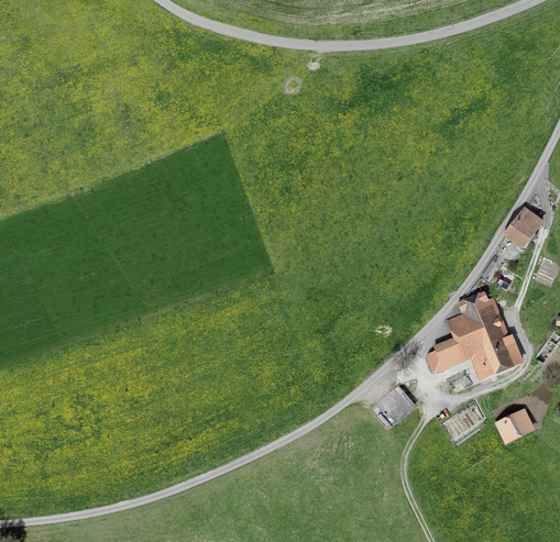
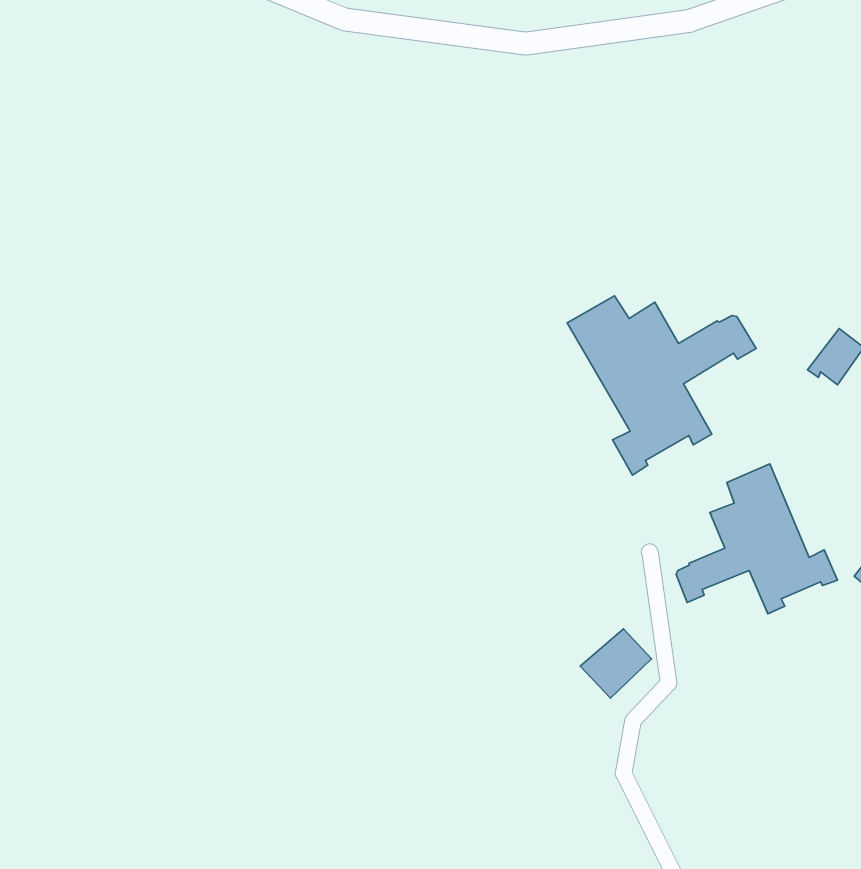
building: none -> [567,296,756,475]
building: [496,412,530,440] -> none

